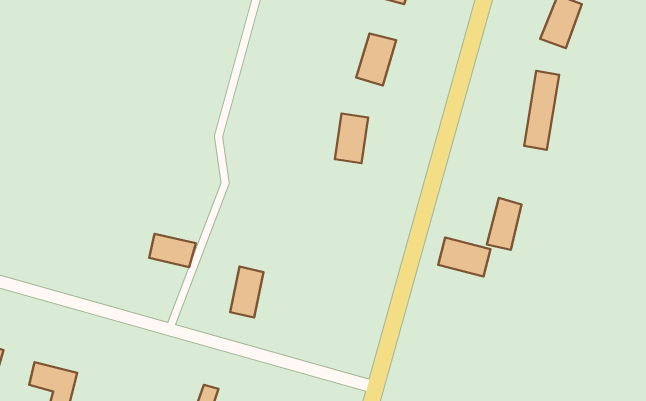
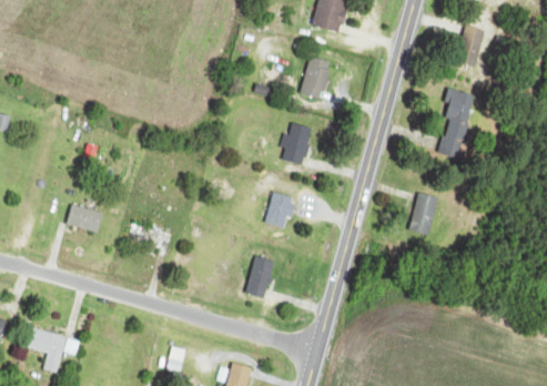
building: none -> [264,191,295,227]
building: none -> [65,203,102,232]
building: [438,237,491,277] -> none
building: [230,267,263,317] -> [246,255,274,297]

